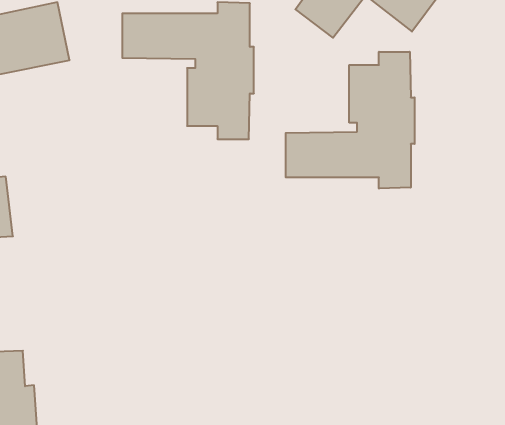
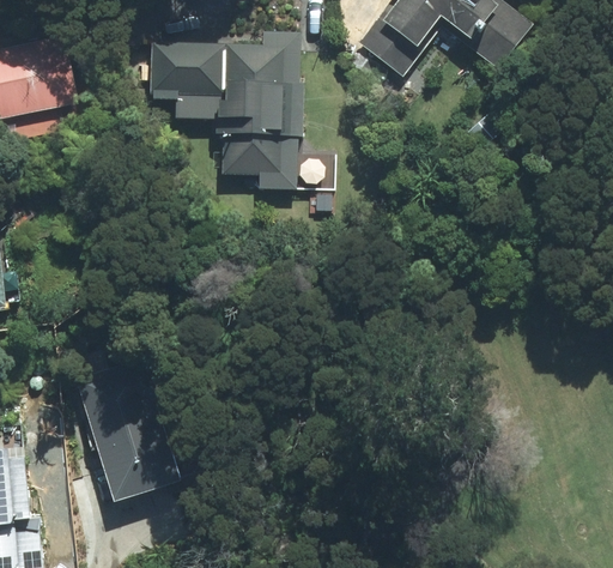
building: [286,52,415,189] -> none
building: none -> [80,354,183,502]

